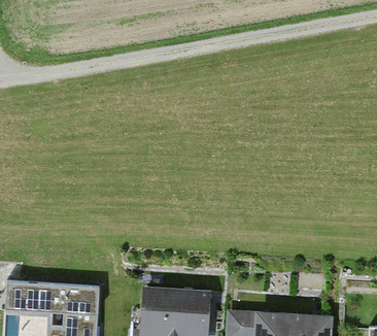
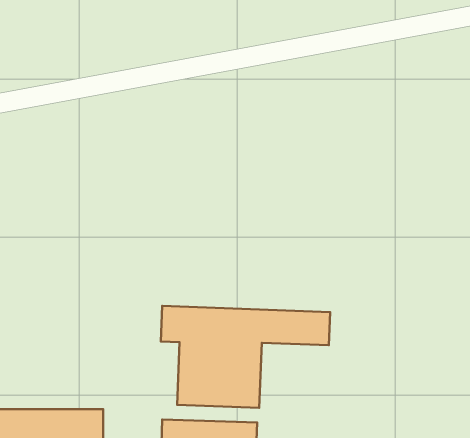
building: none -> [161,306,330,408]

